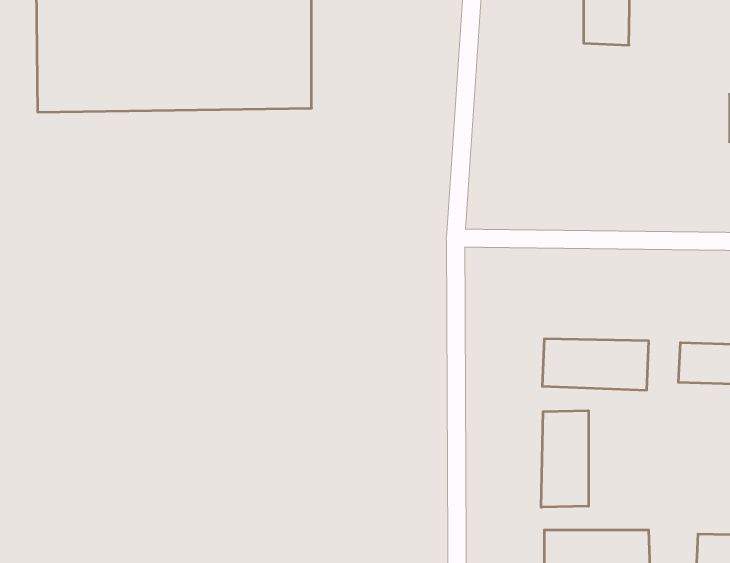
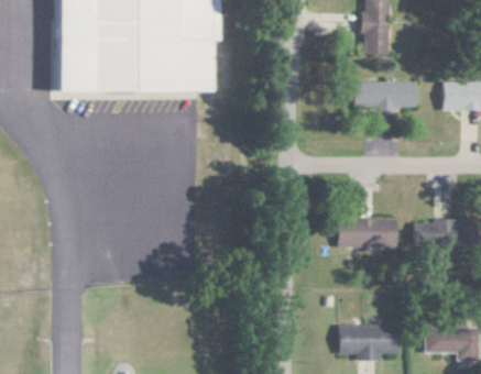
building: none -> [354,81,418,109]
building: [541,411,588,507] -> none

